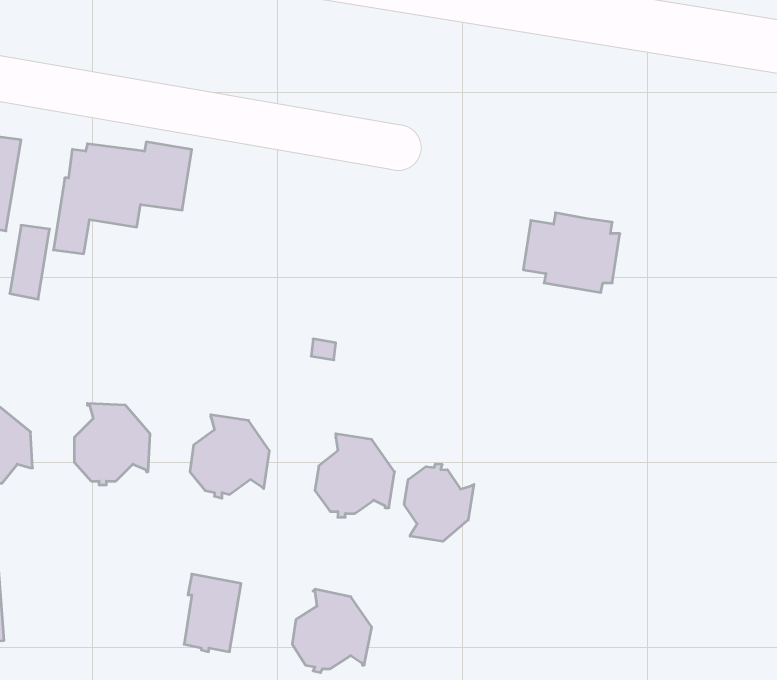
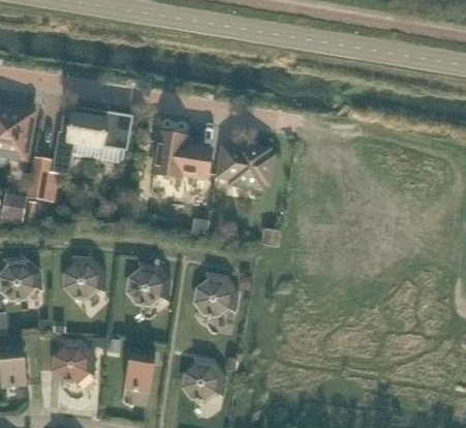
building: none -> [153,131,211,177]
building: [523,213,620,292] -> [219,144,272,187]
building: [404,464,474,541] -> none
building: none -> [54,338,96,383]

